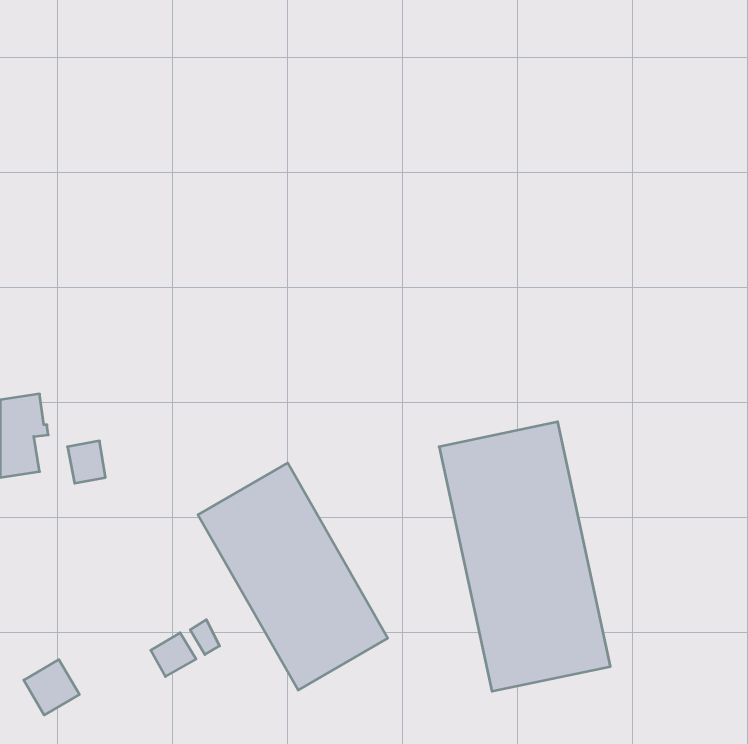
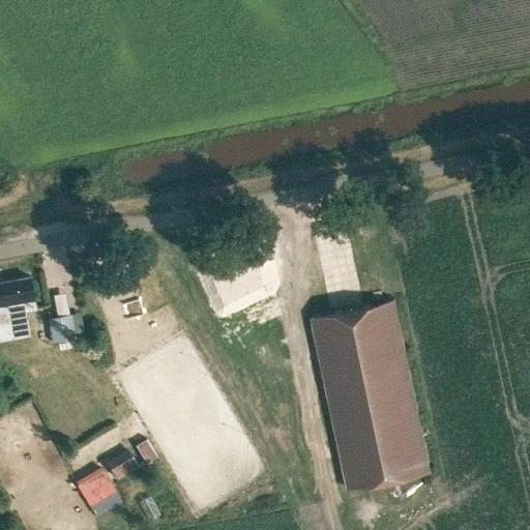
building: [198,463,388,690] -> none
building: [24,660,79,715] -> [76,468,115,507]

